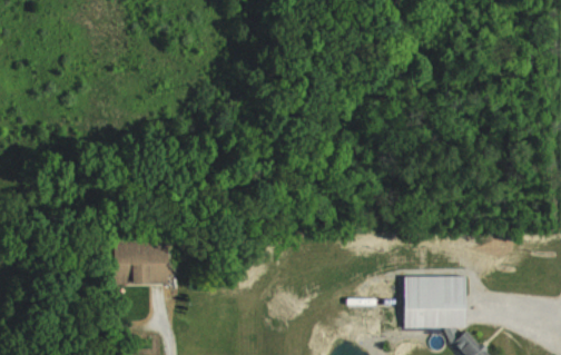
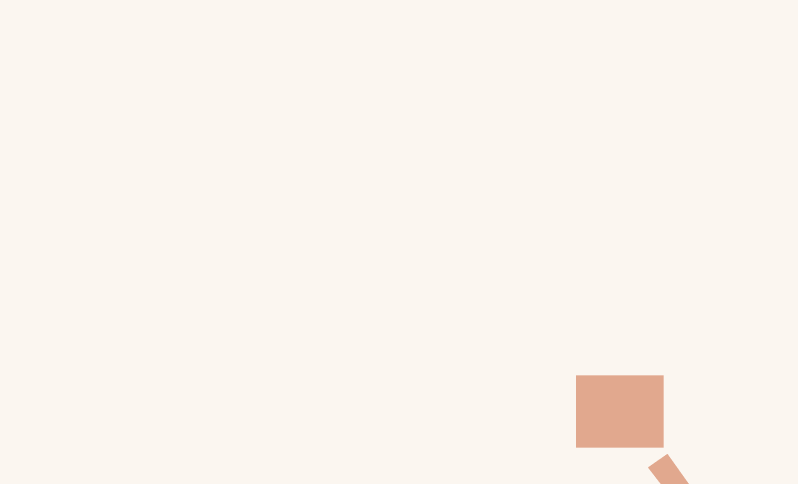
building: [116,243,167,284] -> none

